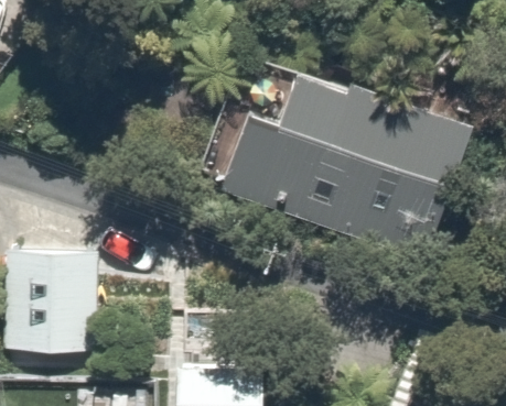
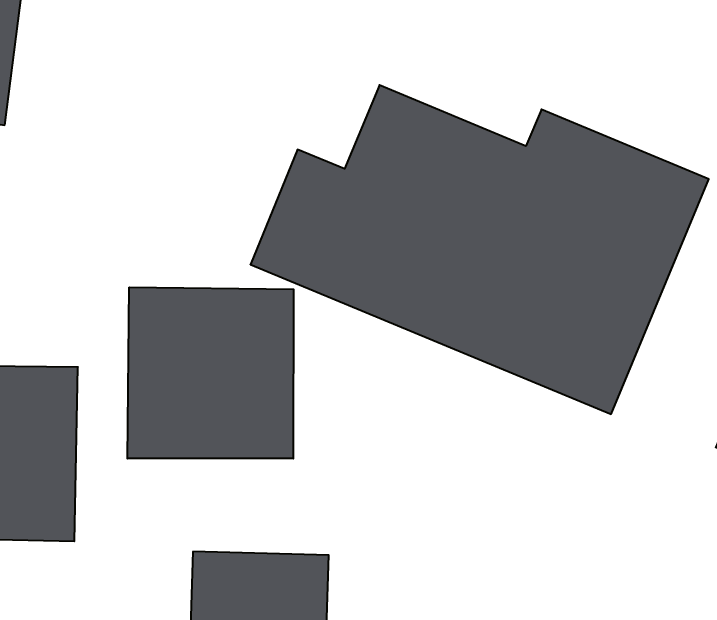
building: none -> [127,287,294,459]

